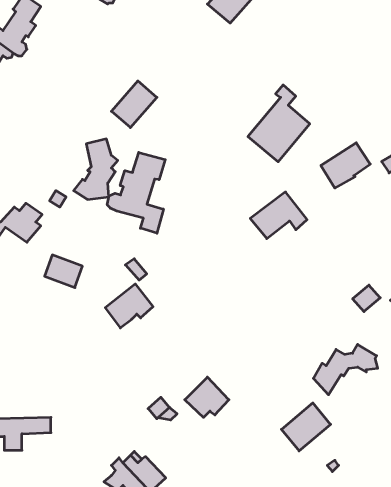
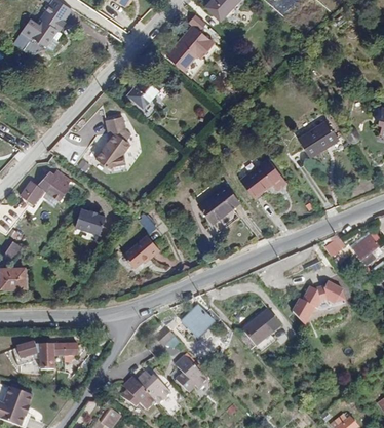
building: [248,85,310,162] -> [165,13,216,76]
building: [107,152,165,233] -> none
building: none -> [198,184,238,223]
building: [281,403,331,451] -> [240,307,280,346]
building: none -> [170,355,205,390]

